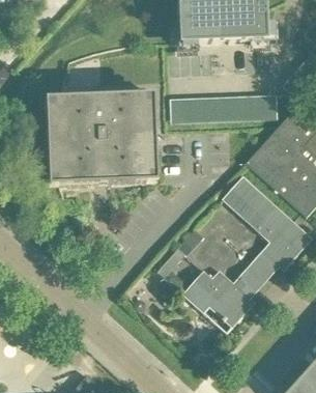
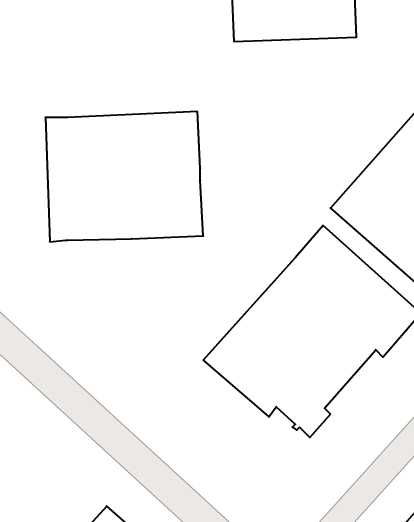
building: [169,89,278,117] -> none

